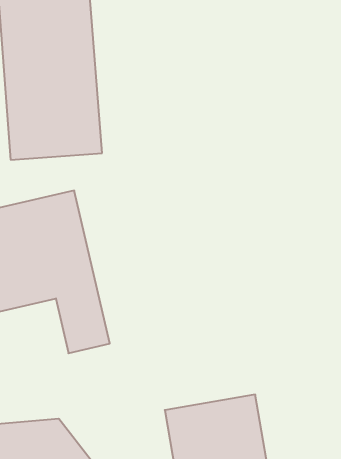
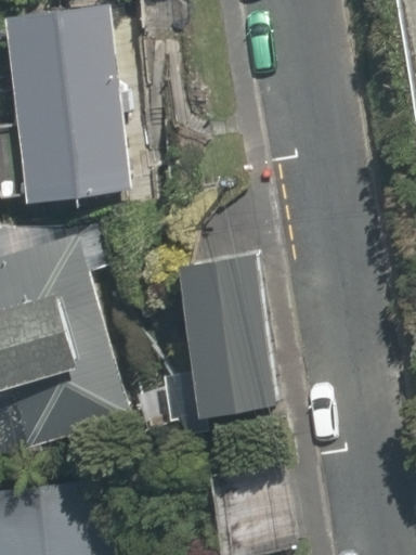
building: none -> [167,248,283,418]

